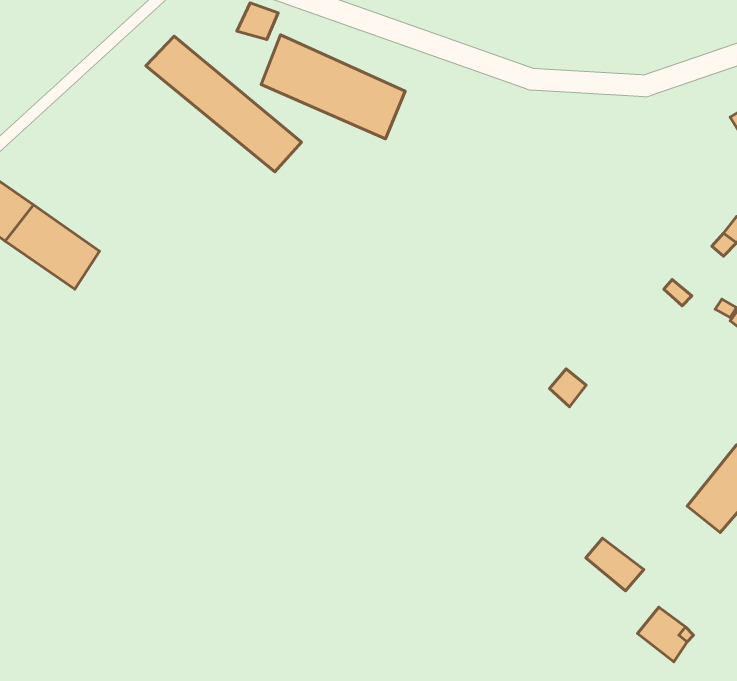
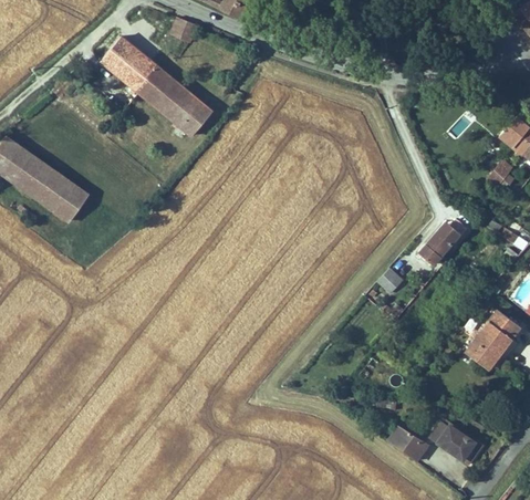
building: [261,35,405,139] -> none
building: none -> [59,187,89,221]
building: none -> [419,220,458,262]
building: [586,538,644,591] -> [387,421,426,457]

